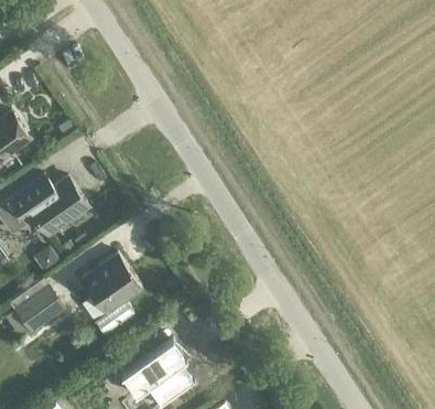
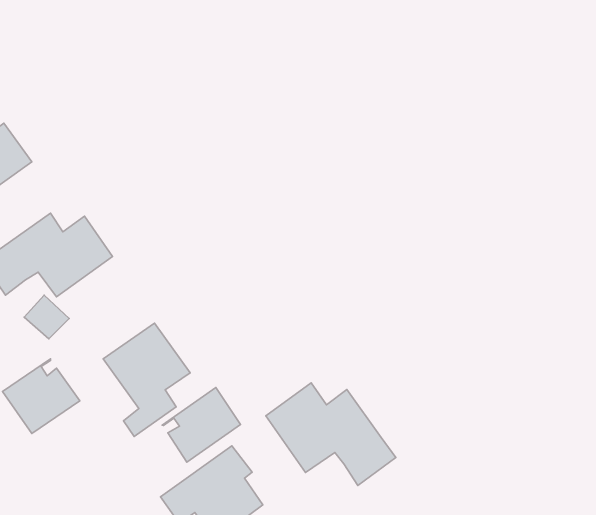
building: none -> [266,383,396,485]
building: none -> [162,387,241,462]

